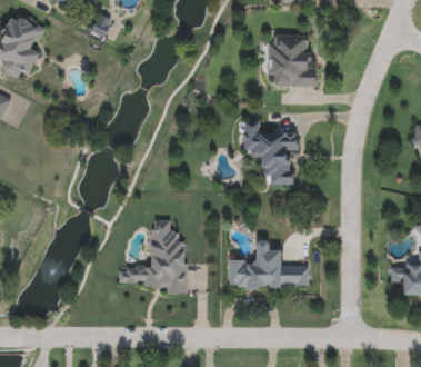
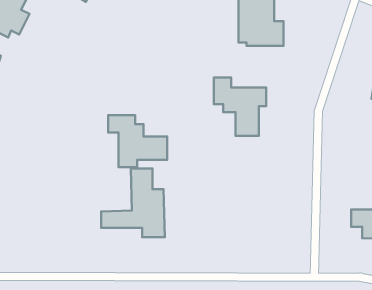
building: none -> [108,115,167,167]
building: [228,240,309,288] -> none

